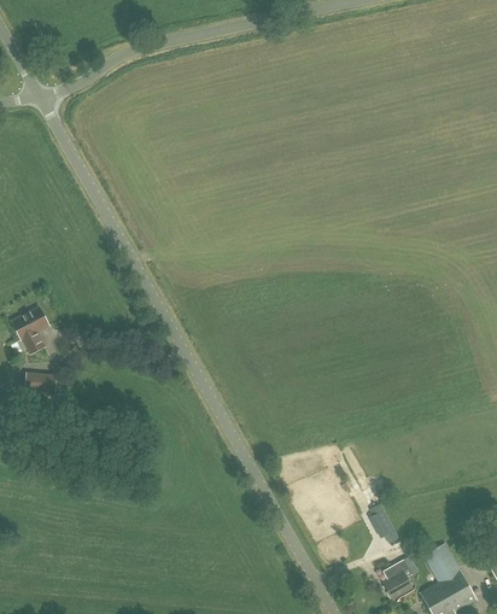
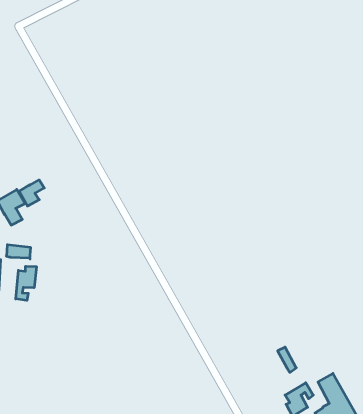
building: none -> [19,180,44,206]
building: none -> [16,266,36,300]

